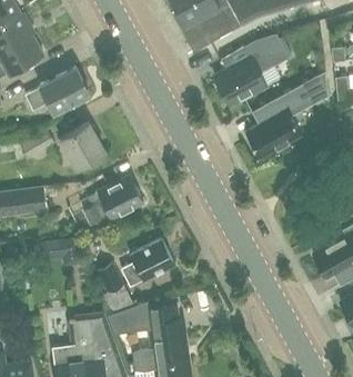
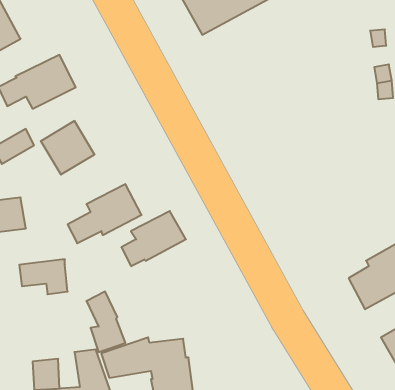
building: [214,34,290,106] -> none
building: [244,83,314,159] -> none
building: [121,240,174,286] -> [121,211,186,266]

